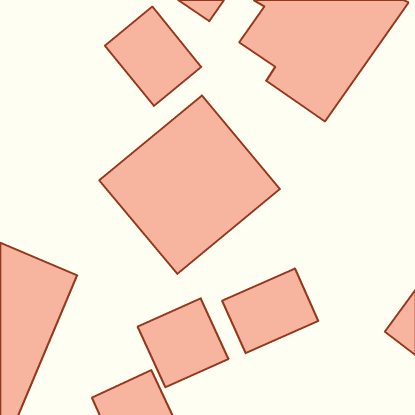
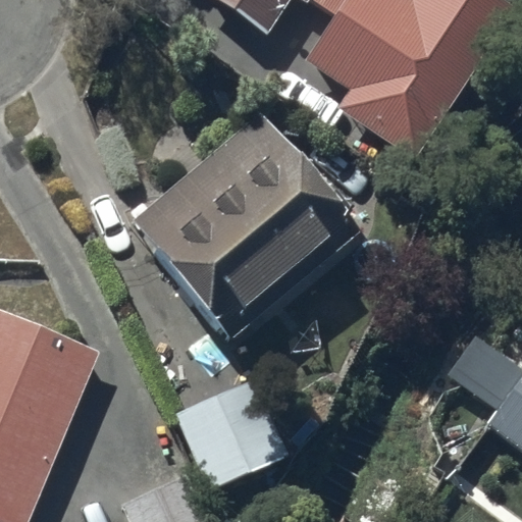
building: [105,7,201,106] -> none
building: [222,268,318,353] -> none

